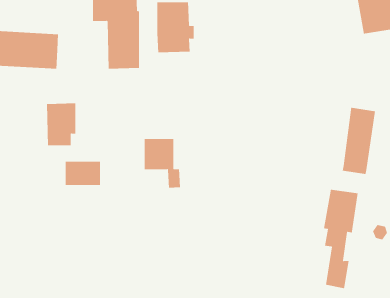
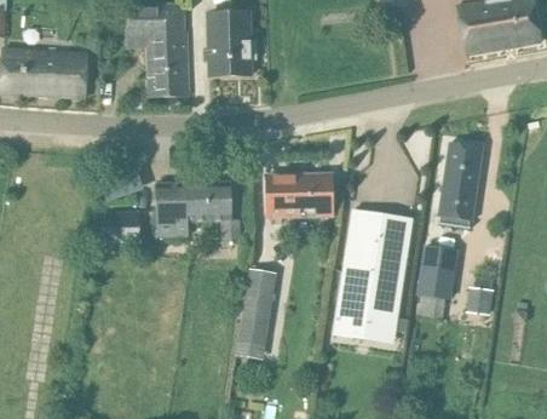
building: [46,103,76,146] -> [155,182,192,235]
building: none -> [265,174,330,222]
building: none -> [338,212,414,329]
building: none -> [237,271,275,358]

